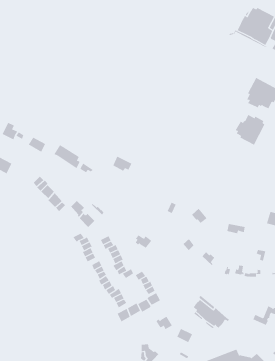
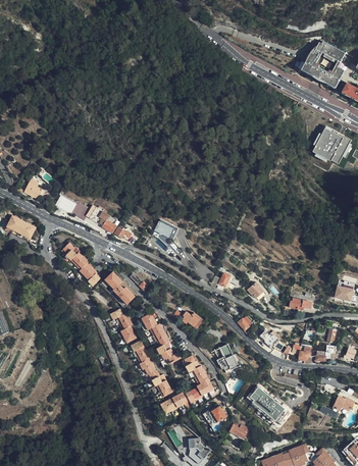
building: [235,114,265,145] -> none
building: none -> [214,344,240,371]

